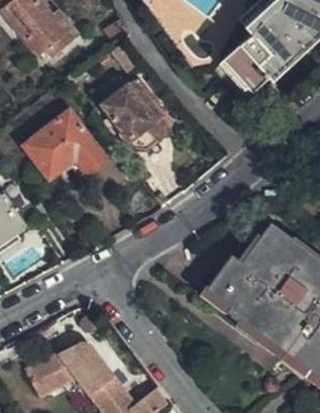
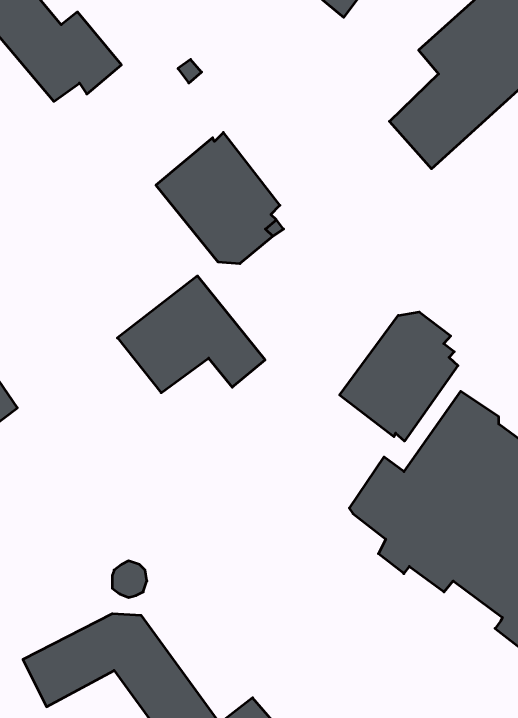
building: [22,112,104,177] -> [117,276,265,393]
building: none -> [340,312,458,441]

